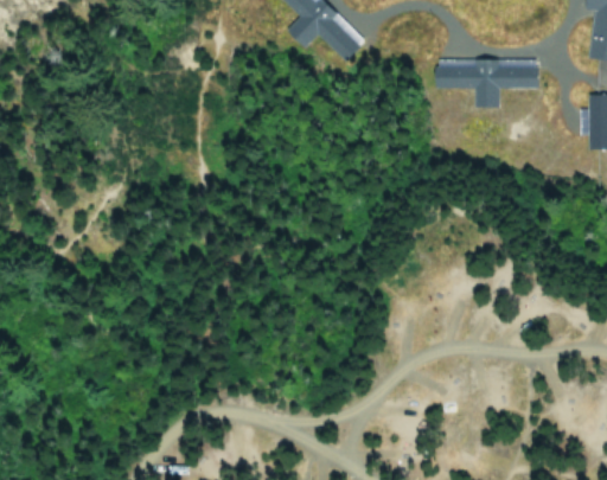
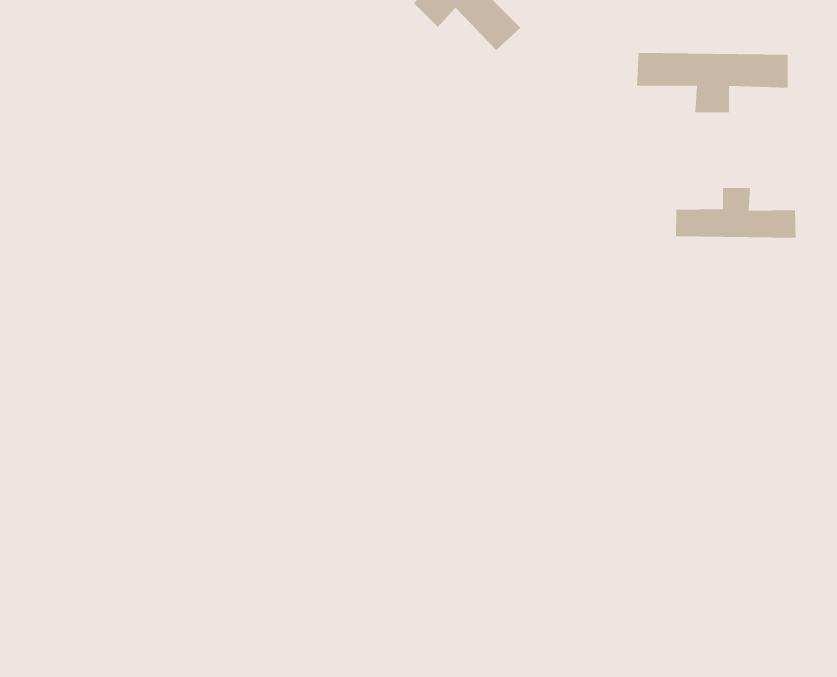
building: none -> [676,187,796,238]

